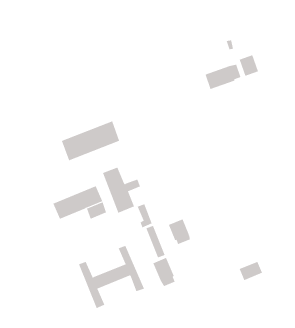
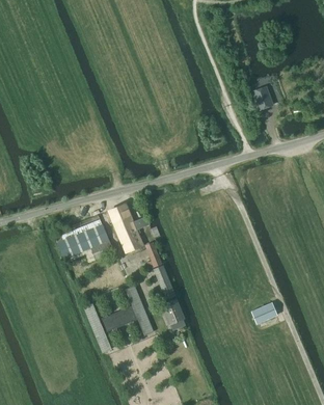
building: [205,64,241,90] -> none
building: [61,121,120,161] -> none
building: [168,219,190,245] -> none

